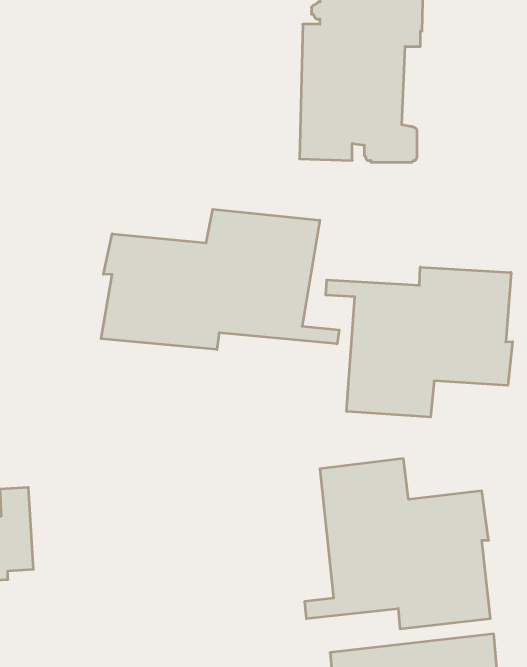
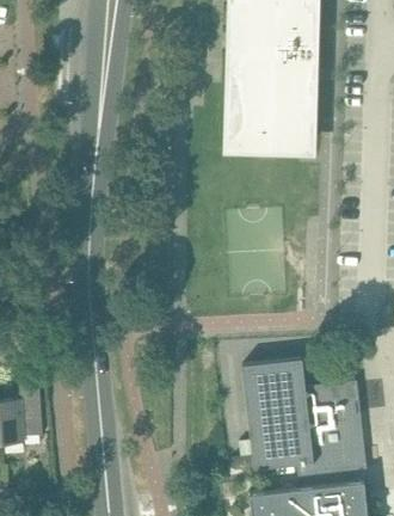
building: [101,209,339,350] -> none
building: [326,267,513,417] -> none

